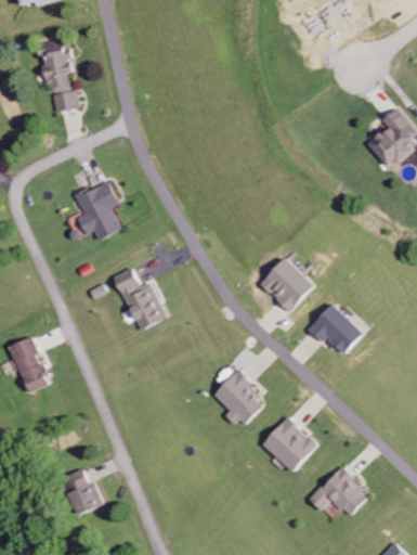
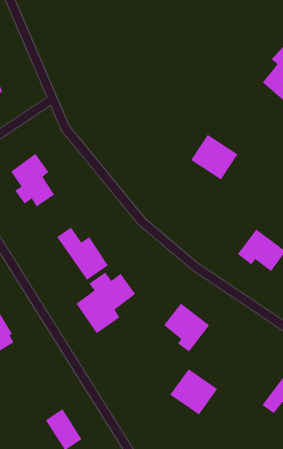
building: [260,258,314,312] -> [190,134,238,181]
building: none -> [76,271,136,334]
building: [262,417,317,472] -> [169,368,218,415]

